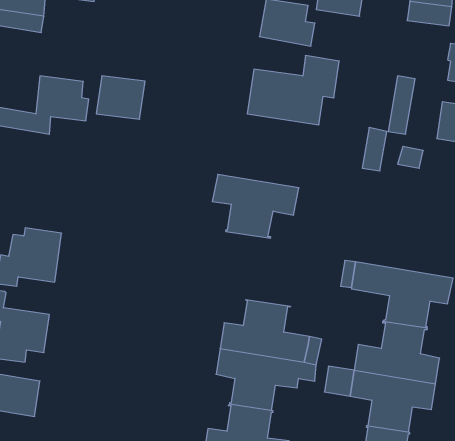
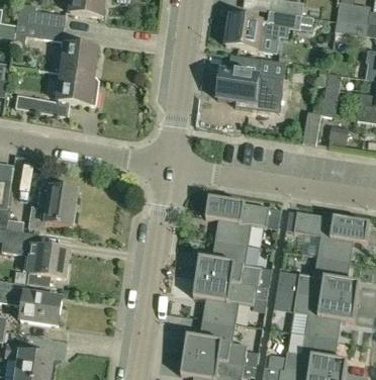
building: [96,76,145,119] -> [61,44,97,77]
building: [212,174,299,238] -> [204,197,269,245]

